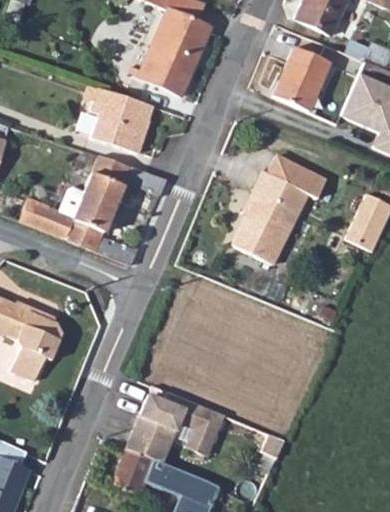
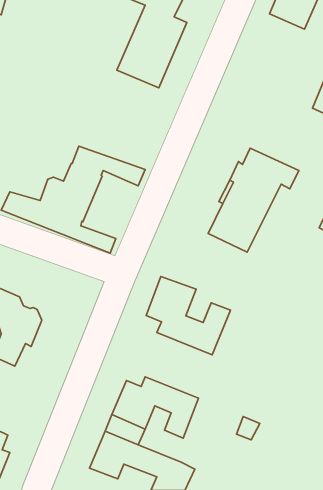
building: [274,46,330,111] -> none
building: [91,86,153,152] -> none
building: none -> [146,277,231,355]

